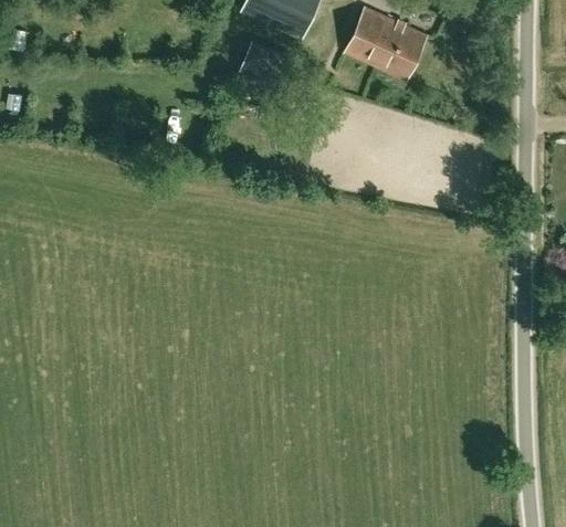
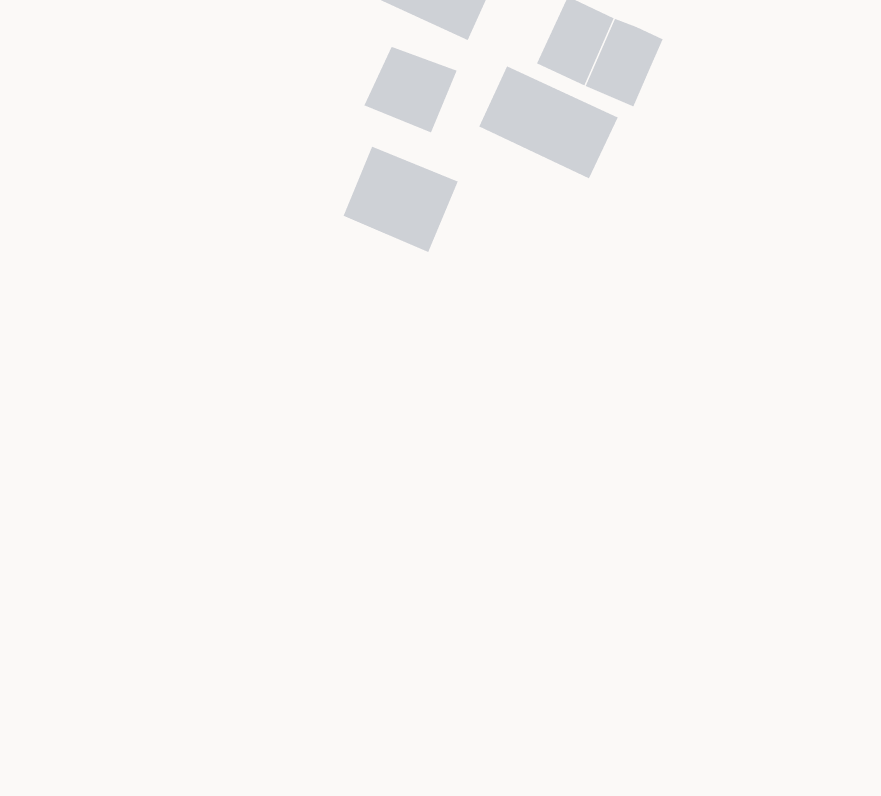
building: none -> [479,66,619,179]
building: none -> [343,146,459,253]

